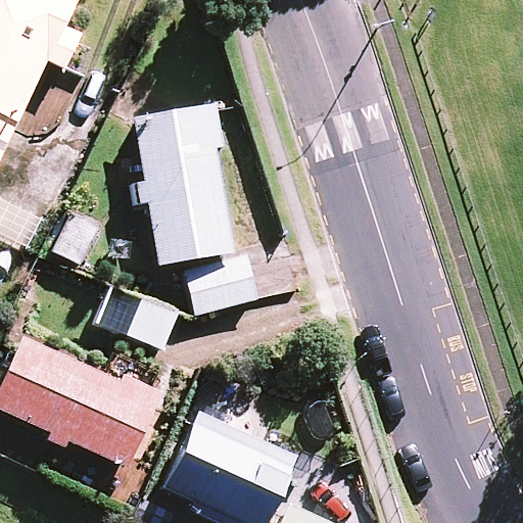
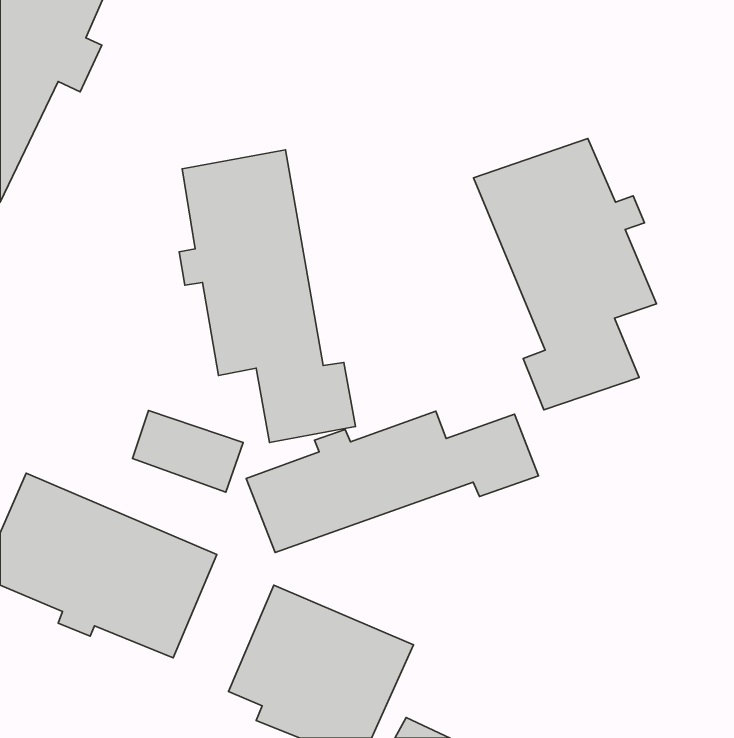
building: none -> [474,139,657,410]
building: none -> [246,411,539,552]

